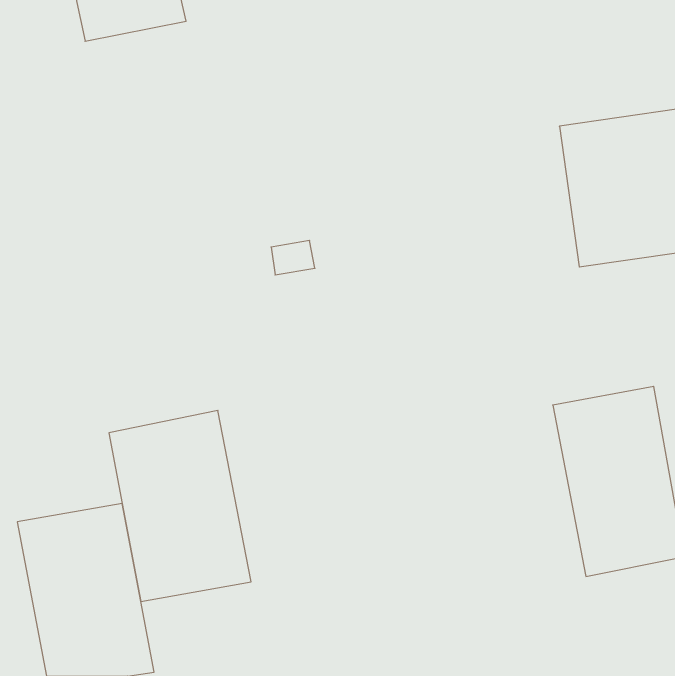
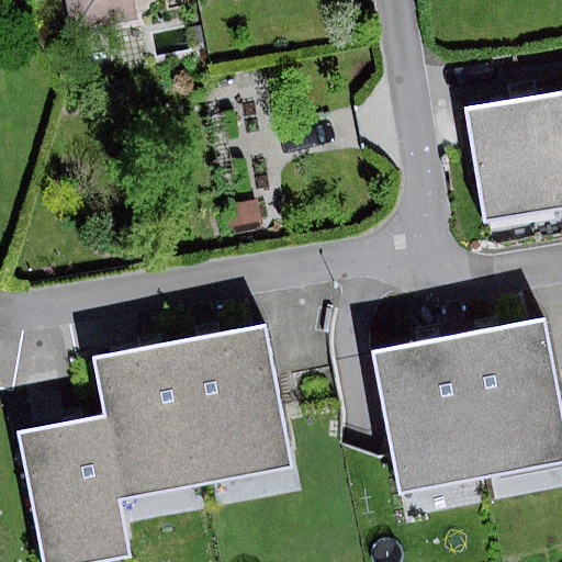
building: none -> [183,324,293,481]
building: none -> [370,335,487,493]

